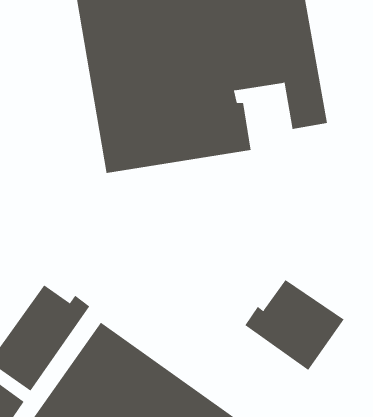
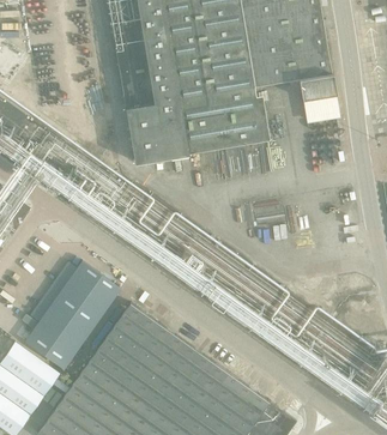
building: [245,279,345,371] -> none

